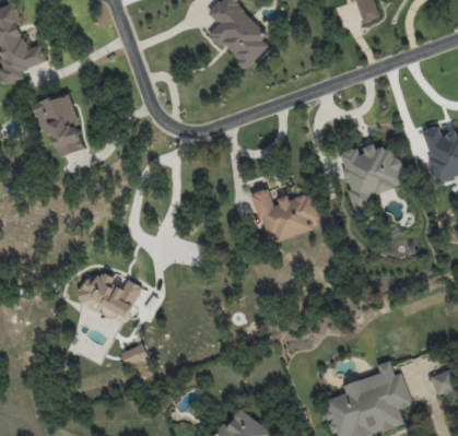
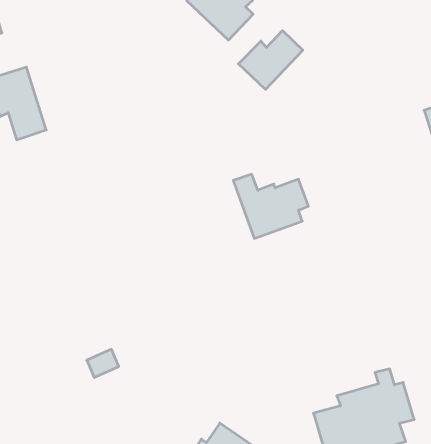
building: none -> [238,31,303,89]
building: [340,144,403,210] -> none
building: [79,271,142,318] -> none

